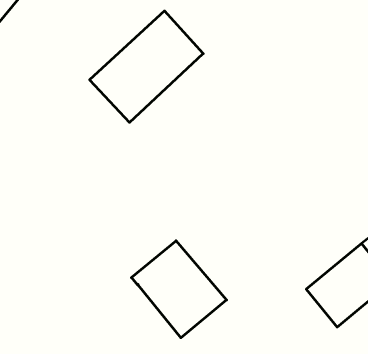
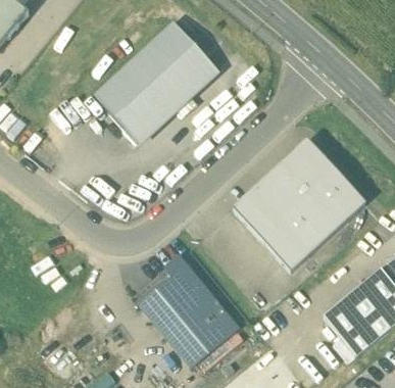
building: none -> [234,139,366,272]

